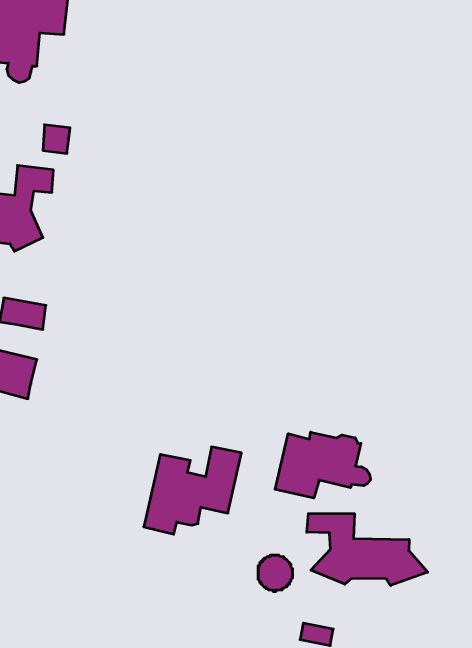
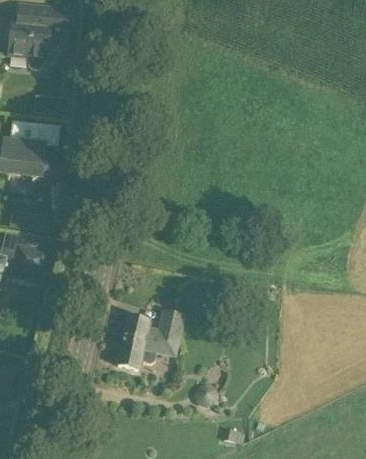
building: [275,432,371,498] -> none
building: [307,514,428,586] -> none

